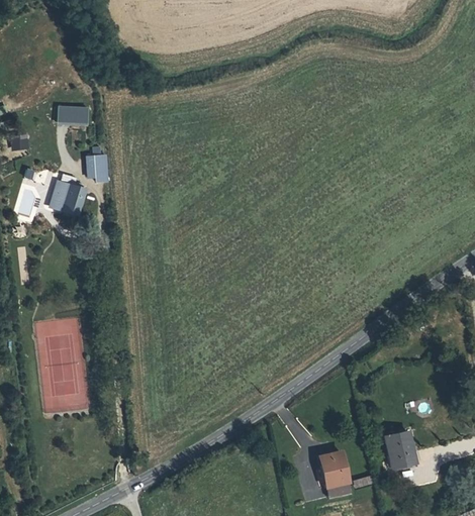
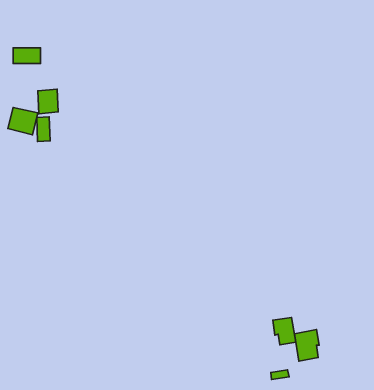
building: none -> [37,117,50,141]
building: [318,453,345,485] -> [273,318,296,345]

